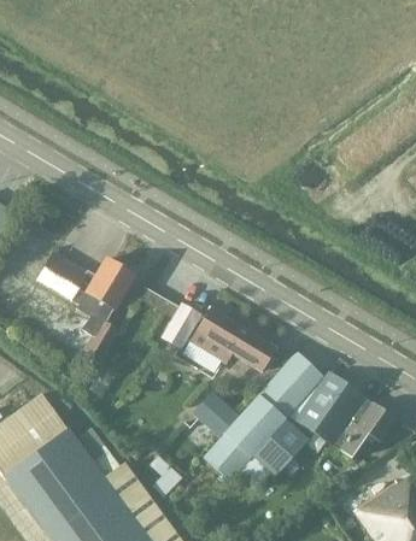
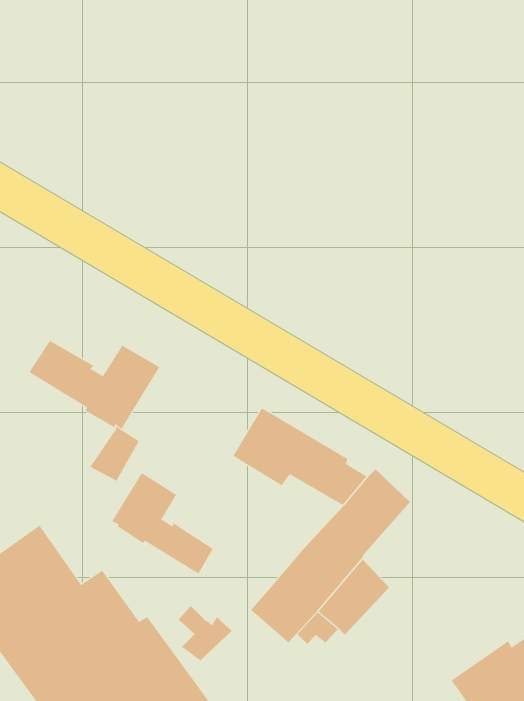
building: [162,304,201,349] -> none
building: none -> [111,472,213,575]
building: [293,371,398,459] -> none
building: [191,392,240,439] -> none

